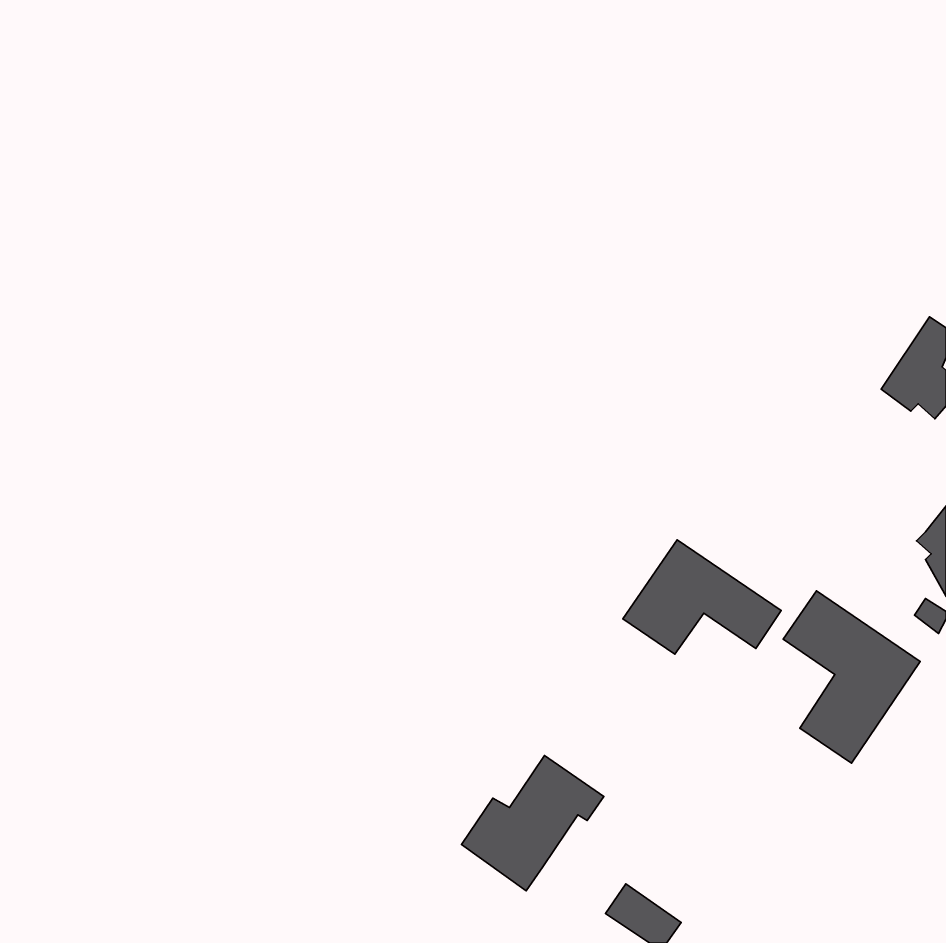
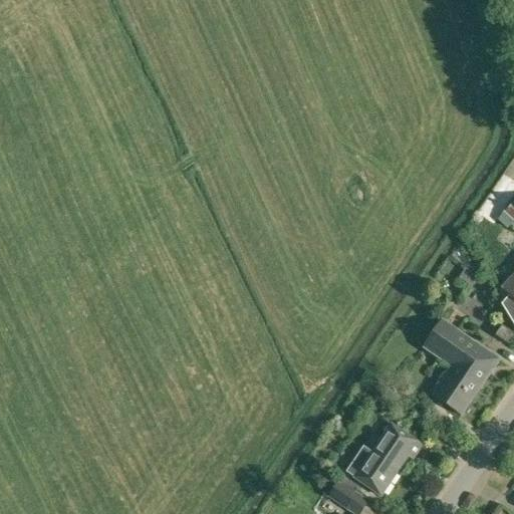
building: [623,540,781,654] -> none
building: [461,756,604,891] -> [345,423,423,496]

